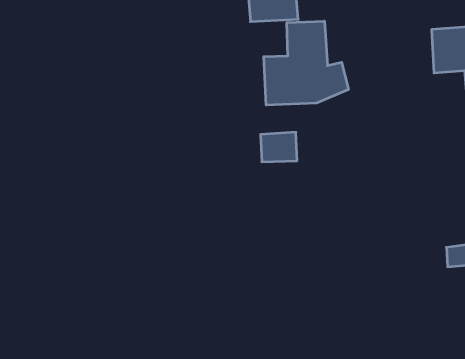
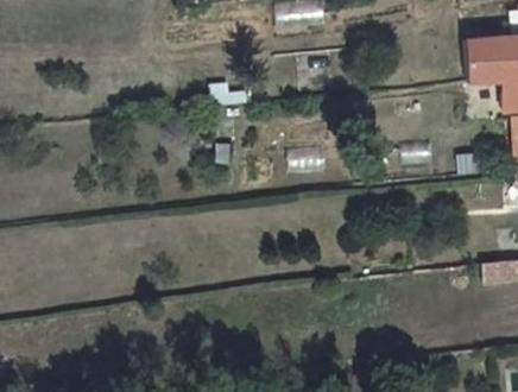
building: [264,21,348,105] -> none

